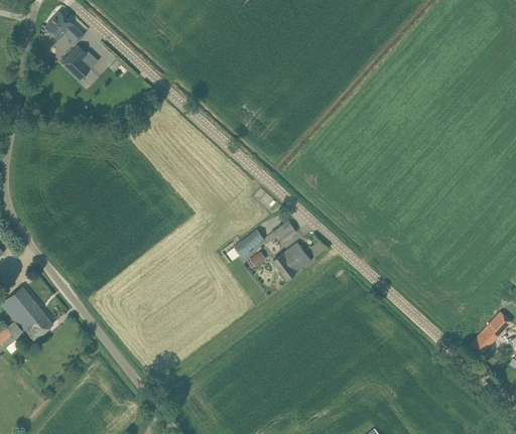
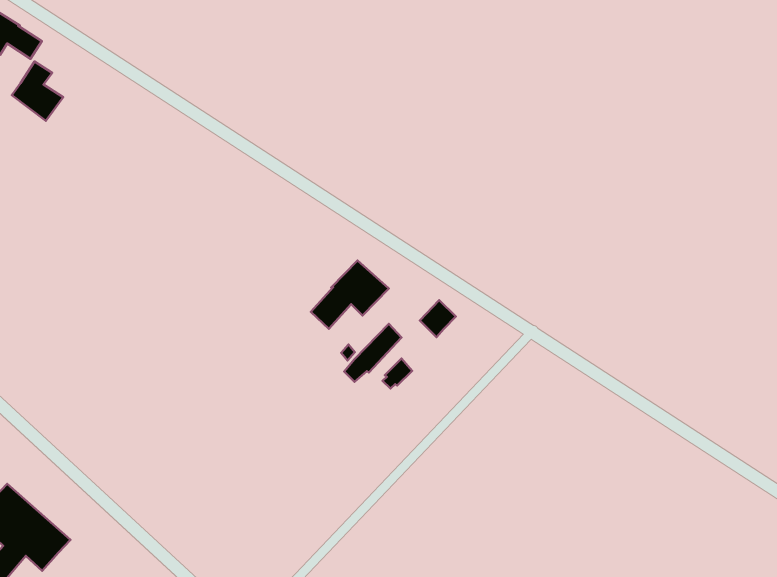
building: none -> [311,260,389,329]
building: [272,242,311,279] -> none

